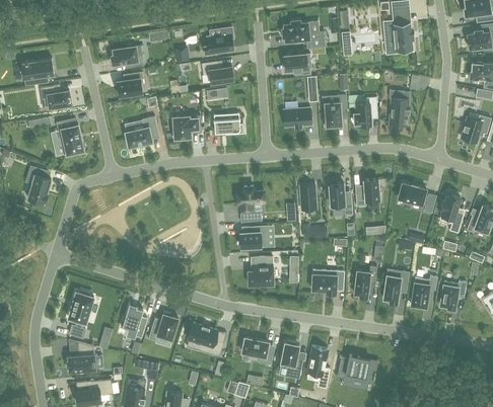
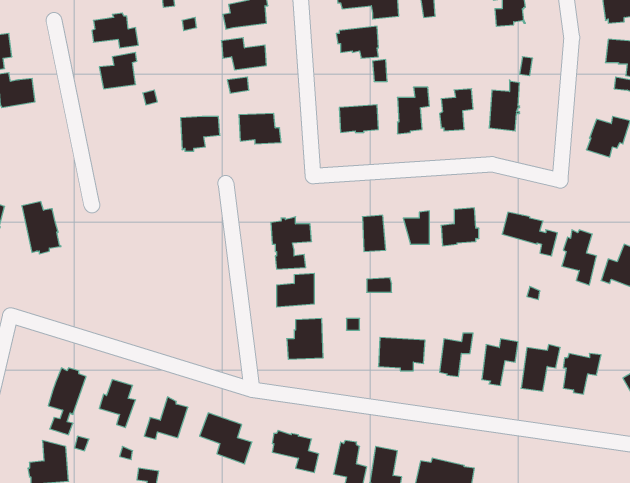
building: [124,115,158,147] -> none
building: [56,119,83,156] -> [22,202,61,254]

